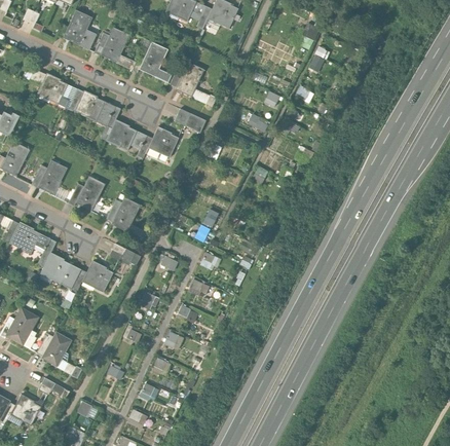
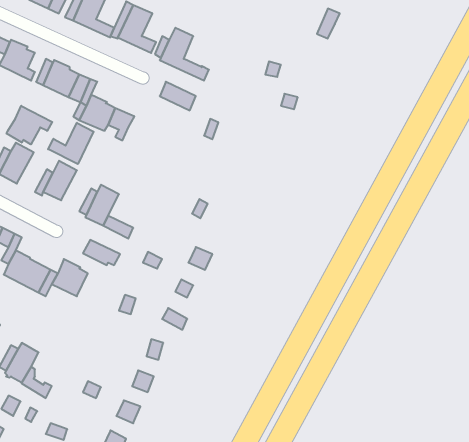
building: [148,125,179,157] -> none
building: none -> [7,106,52,144]
building: none -> [48,123,94,164]

